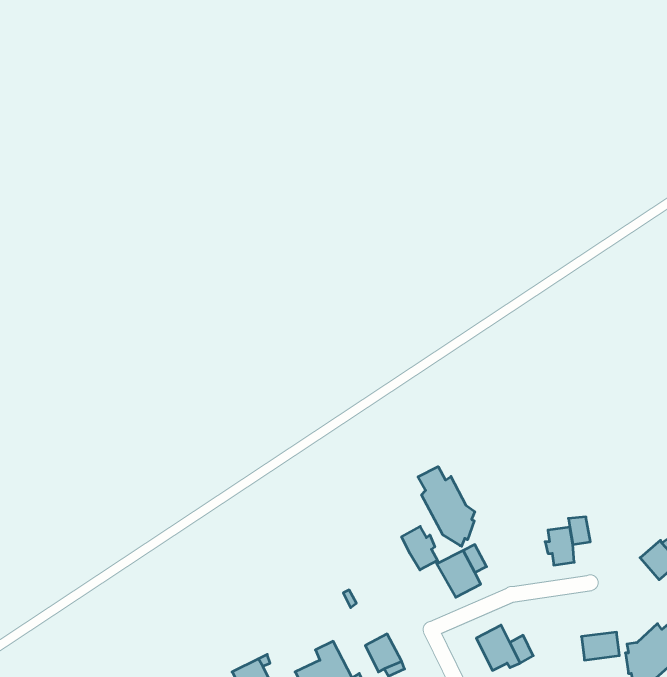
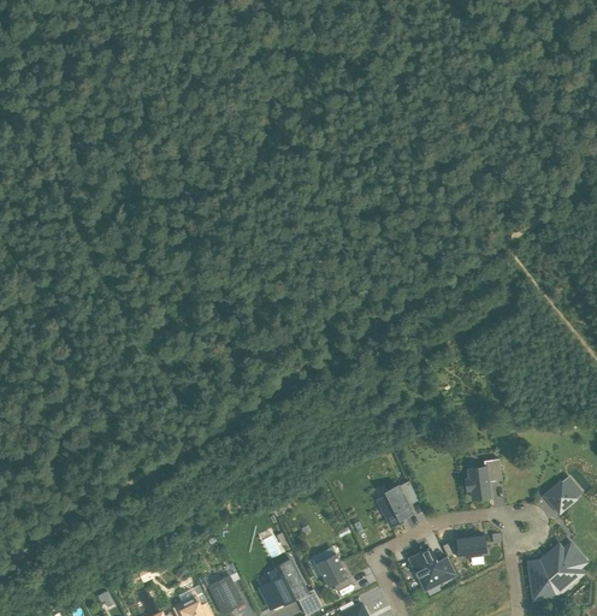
building: [418,467,475,546] -> none
building: [402,526,438,570] -> none
building: [581,632,619,660] -> [455,535,486,558]

